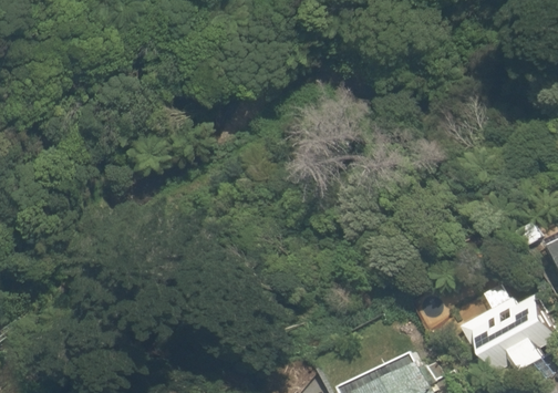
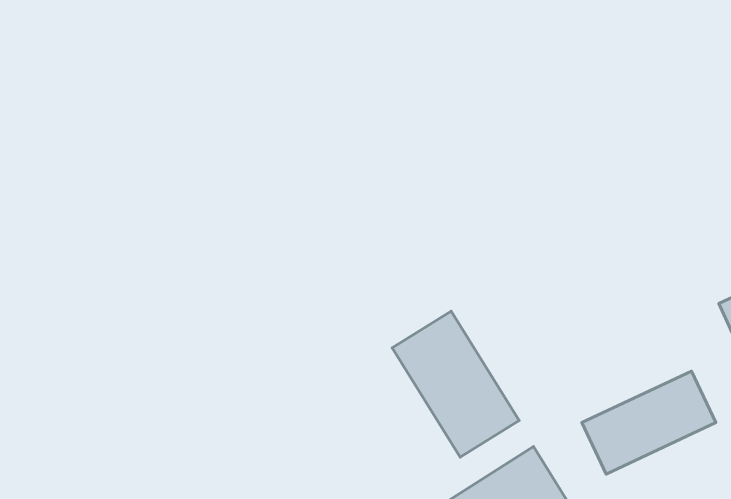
building: none -> [392,311,519,457]

